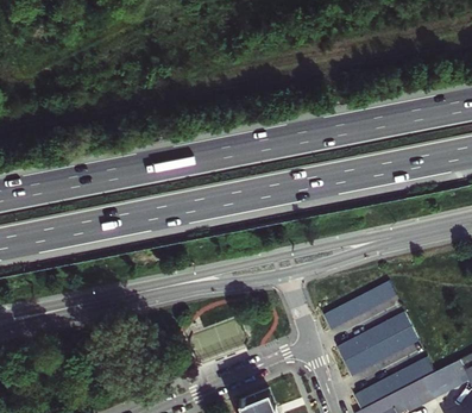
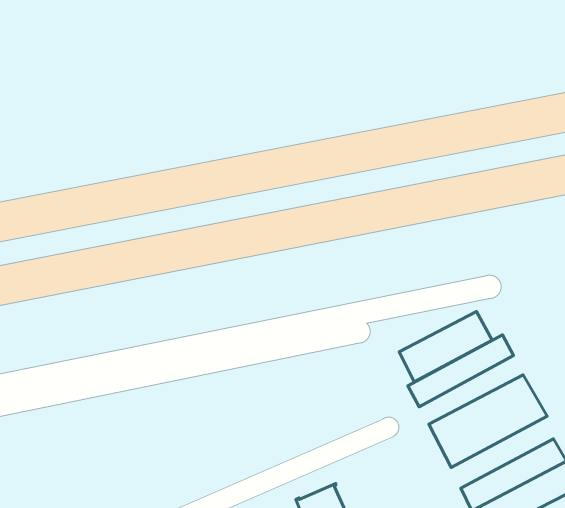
building: none -> [399,312,492,382]

